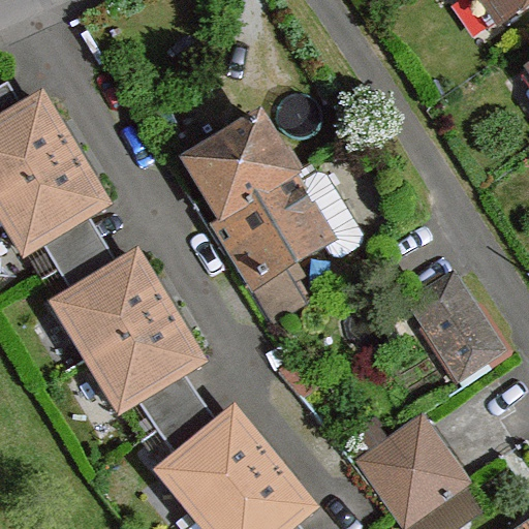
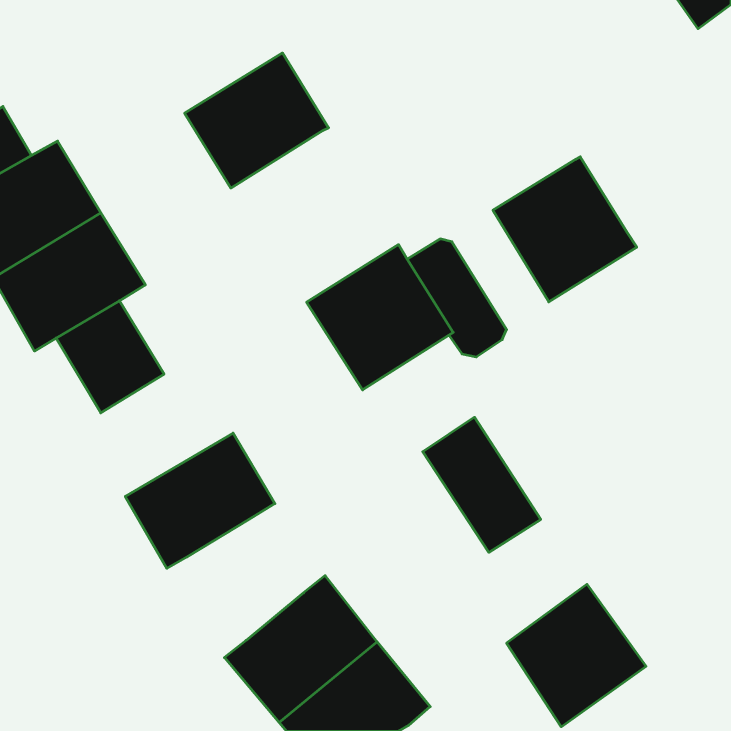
building: none -> [493,157,637,302]
building: [187,120,290,217] -> [185,53,329,188]
building: [58,258,167,356] -> none
building: [413,277,498,374] -> [423,417,541,552]
building: [134,373,218,460] -> none

